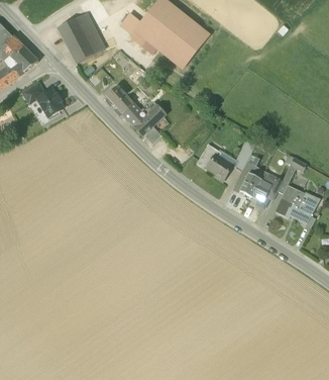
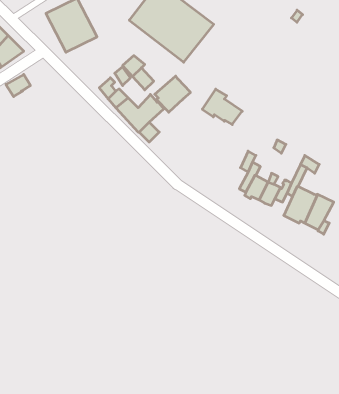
building: none -> [155,76,190,112]
building: [36,88,64,116] -> none
building: [197,145,233,177] -> [202,89,242,125]

